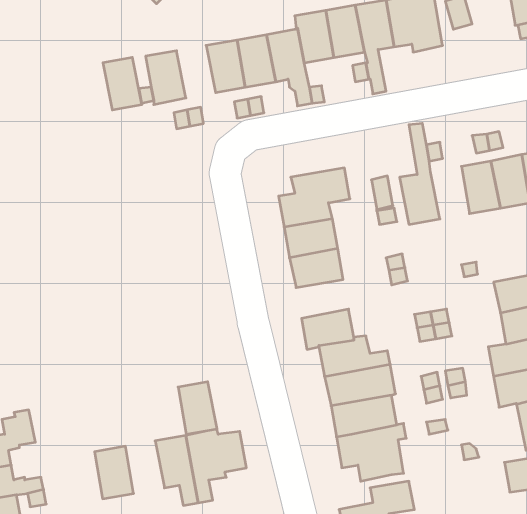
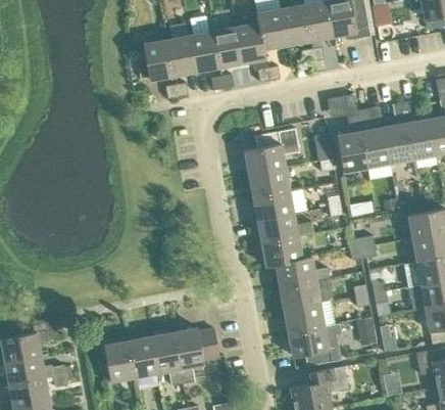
building: [103,57,142,110] -> [166,36,196,76]
building: none -> [359,128,389,168]
building: none -> [257,214,313,243]
building: [178,382,217,434] -> [128,336,157,376]

